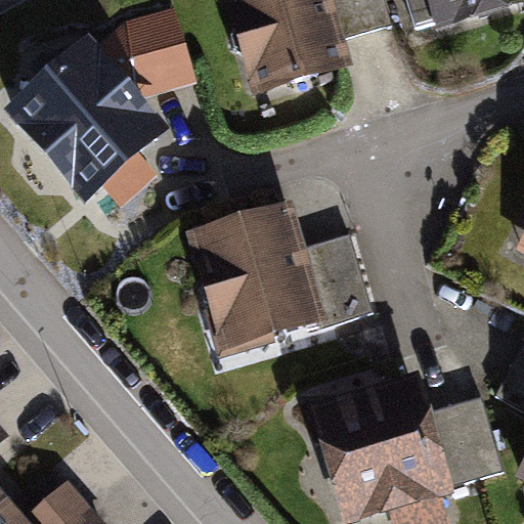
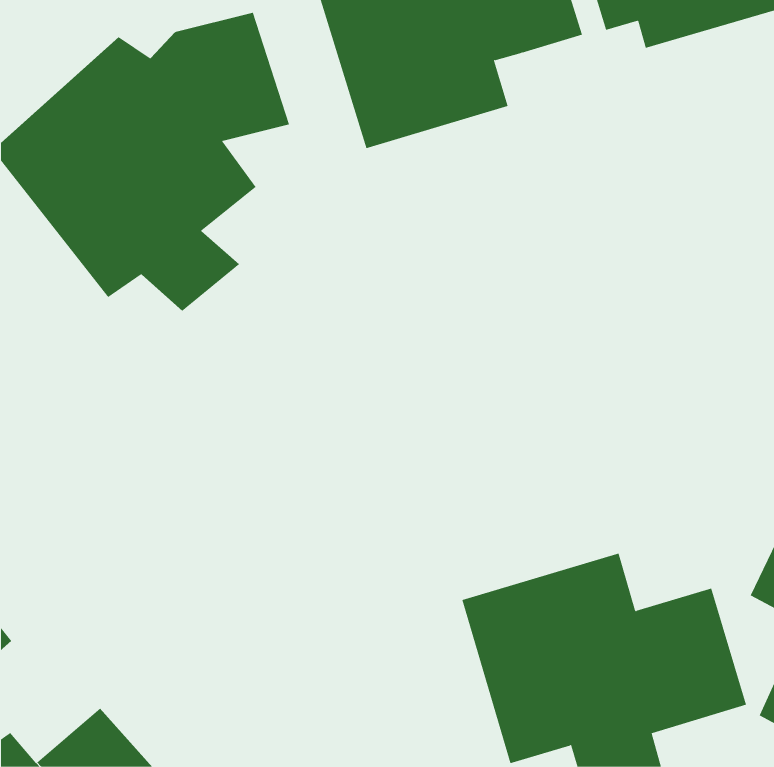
building: [189,204,367,352] -> none

